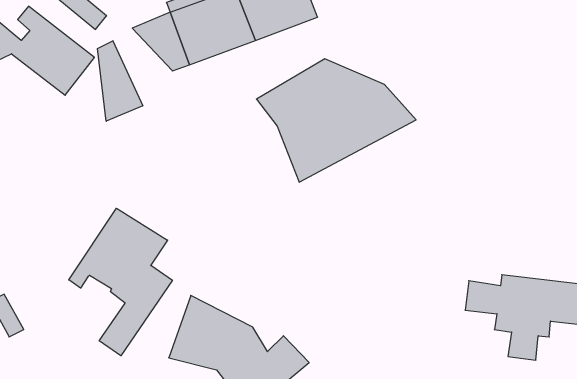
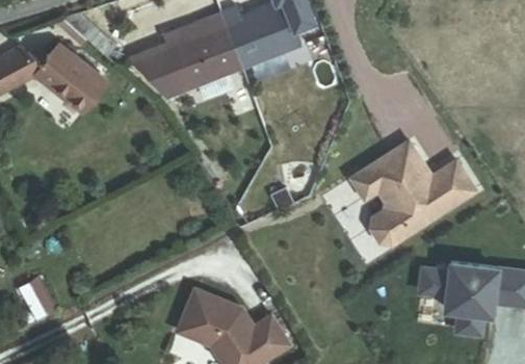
building: [97,41,143,121] -> none
building: [256,59,416,182] -> [346,141,482,246]
building: [69,208,172,356] -> none

